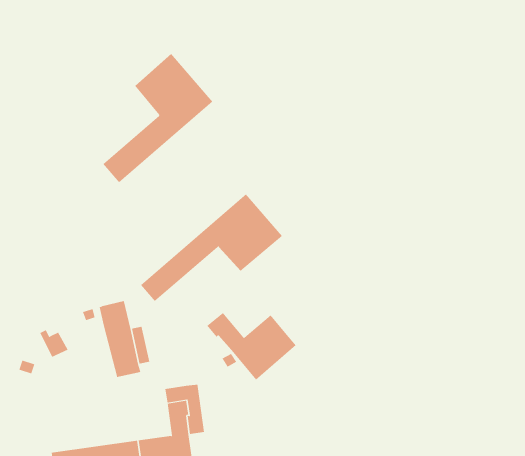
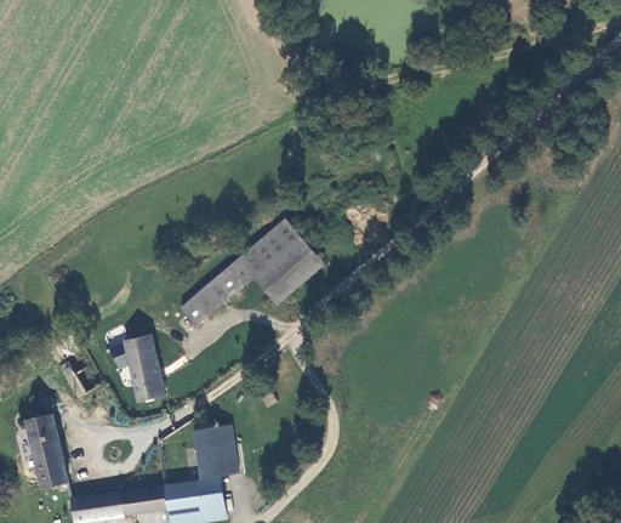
building: [102,53,213,183] -> none
building: [206,312,297,380] -> none
building: none -> [23,411,67,491]

